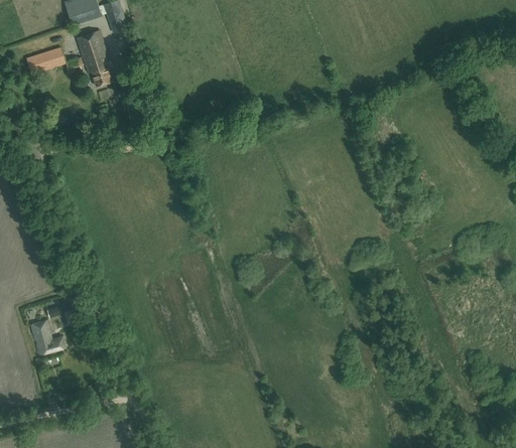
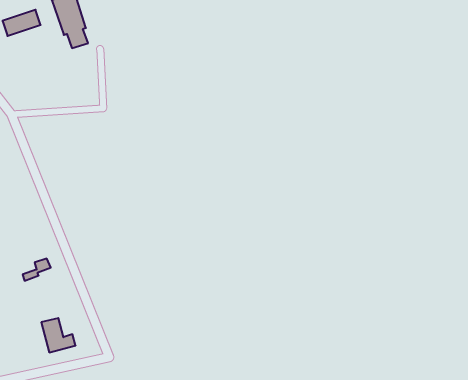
building: [30,320,64,354] -> [41,318,76,352]

